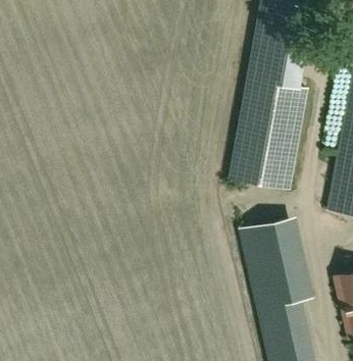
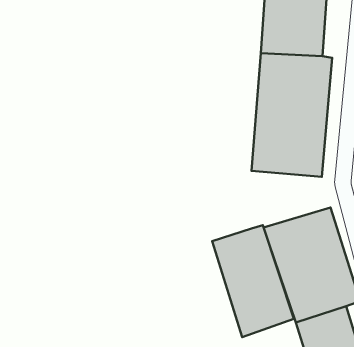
building: none -> [212,225,294,337]

